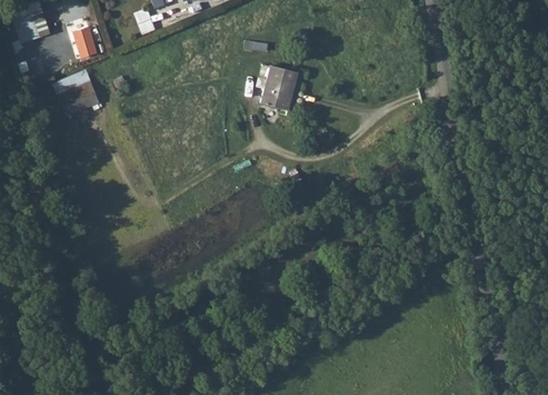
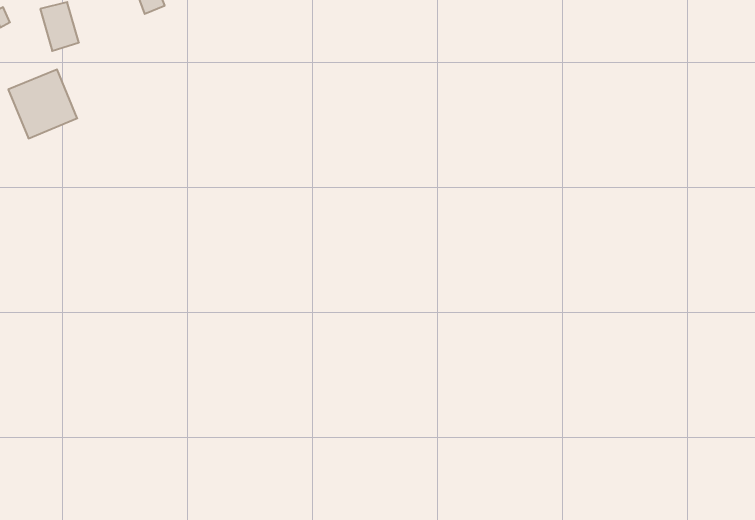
building: [260,65,293,108] -> none

